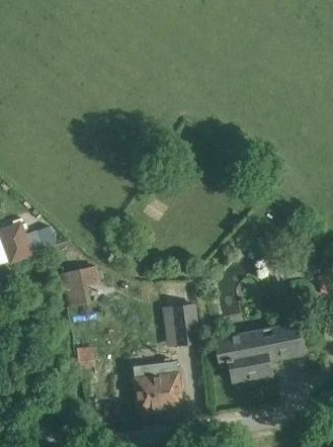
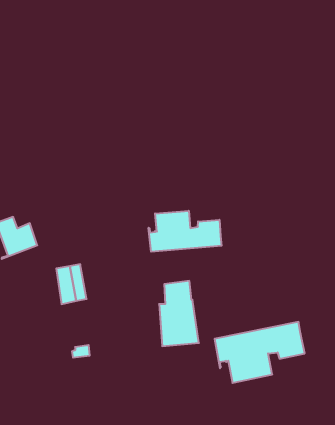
building: none -> [149,211,222,252]
building: [134,361,182,412] -> none

